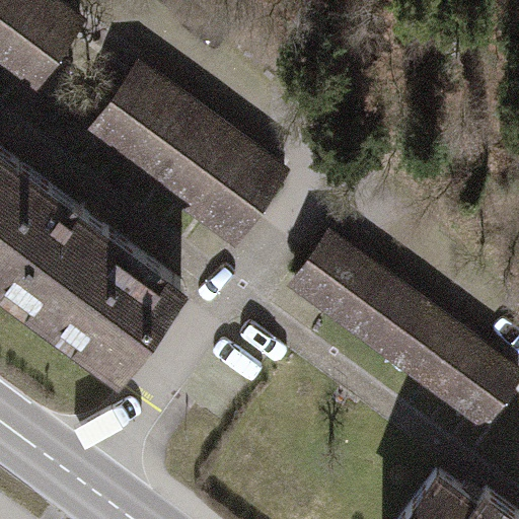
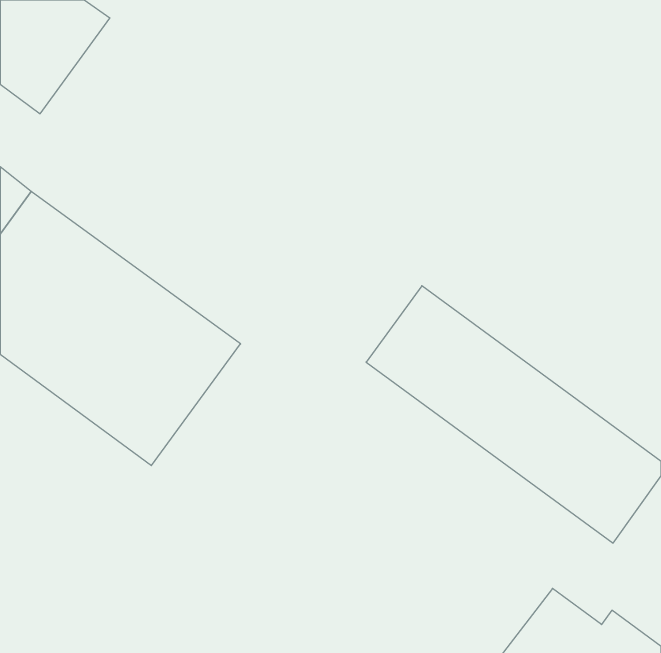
building: [85,59,291,243] -> none

